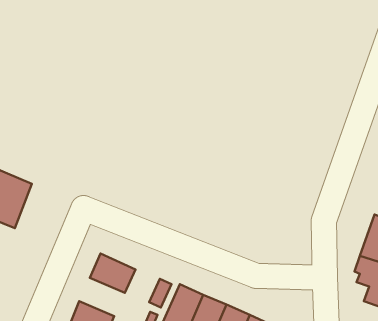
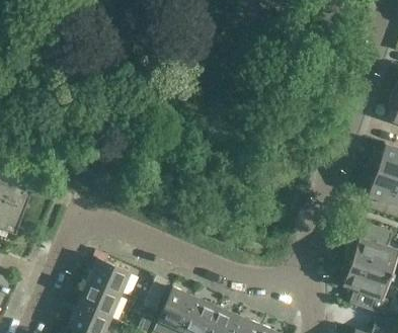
building: none -> [78,281,122,318]

